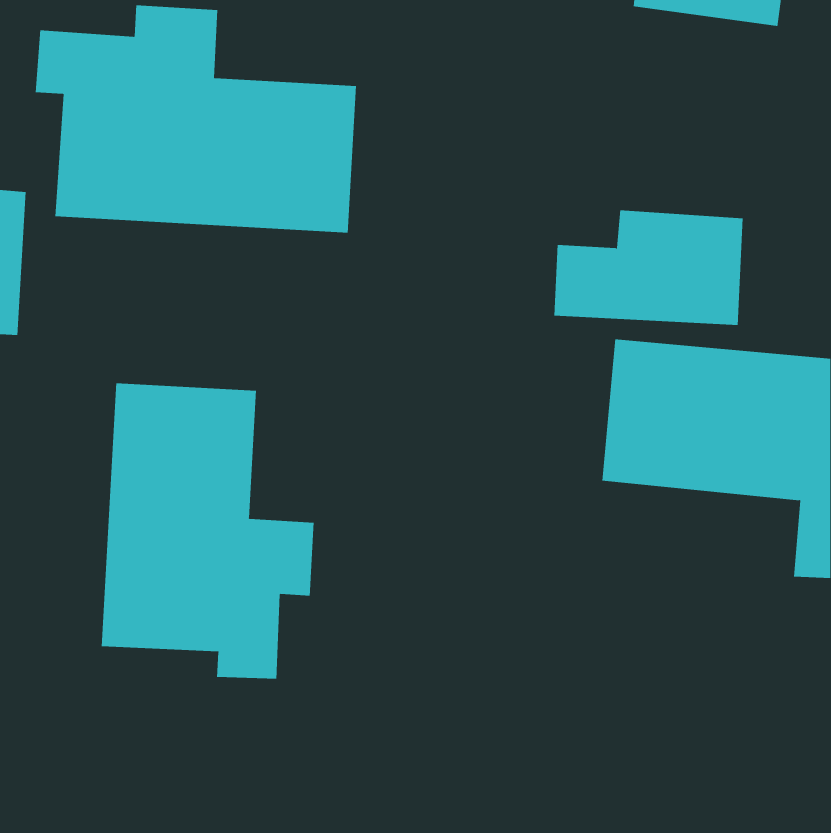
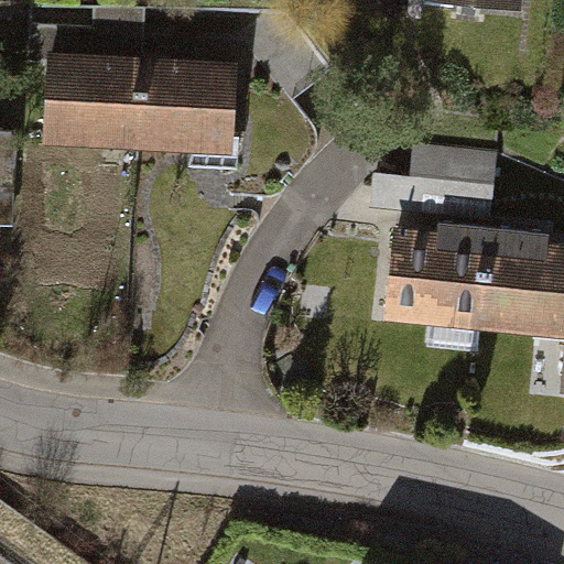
building: [101,382,314,679] -> none

